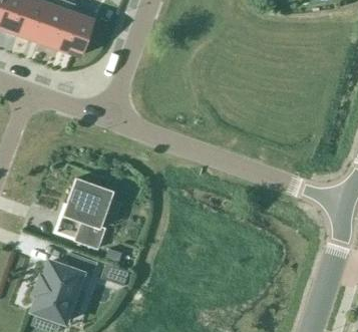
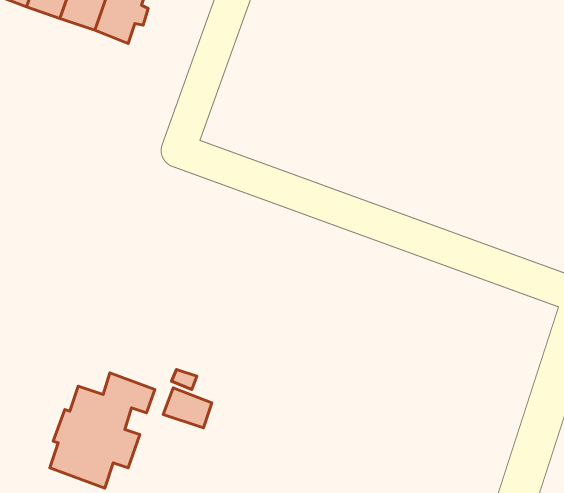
building: [61,179,115,251] -> none

